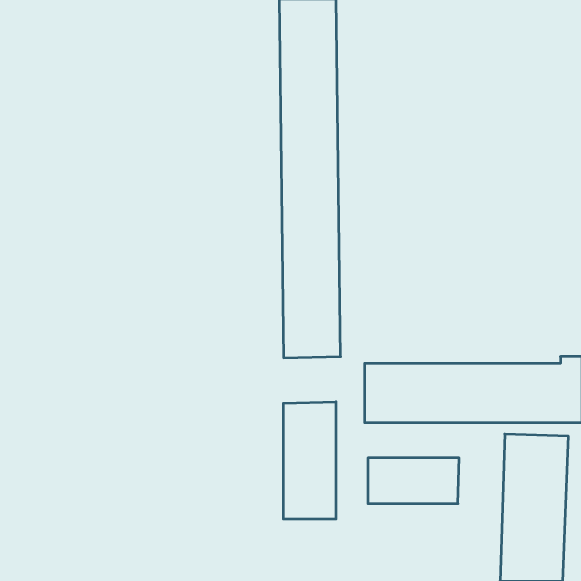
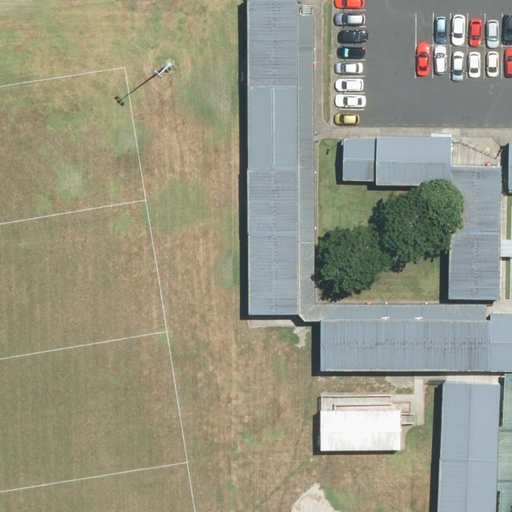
building: none -> [342,135,500,296]
building: [283,402,336,519] -> none

